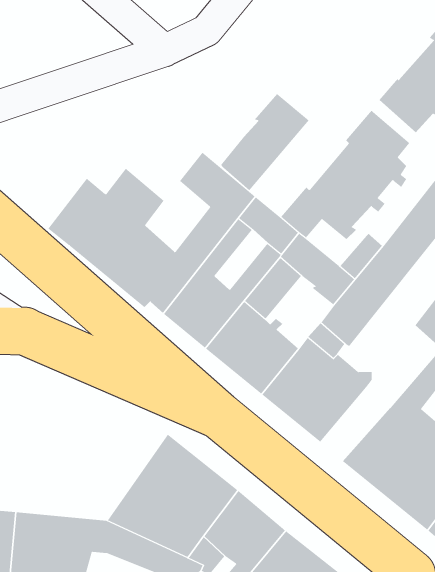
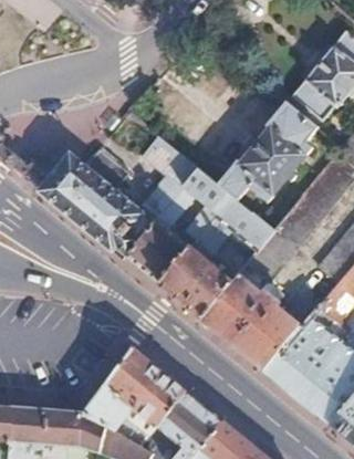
building: [221,93,310,191] -> none
building: none -> [249,313,302,369]

